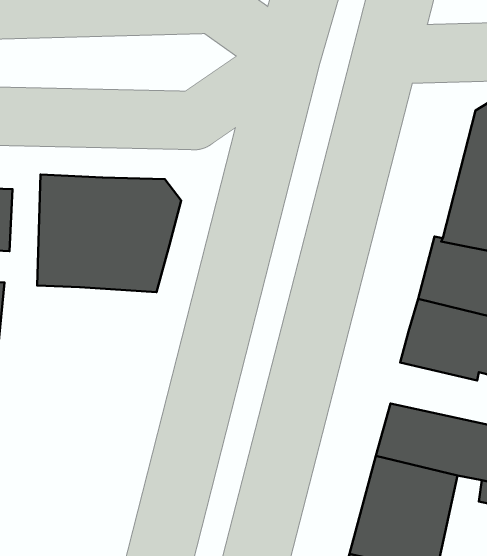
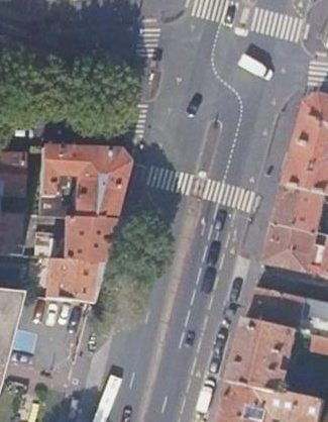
building: none -> [33,216,111,300]

